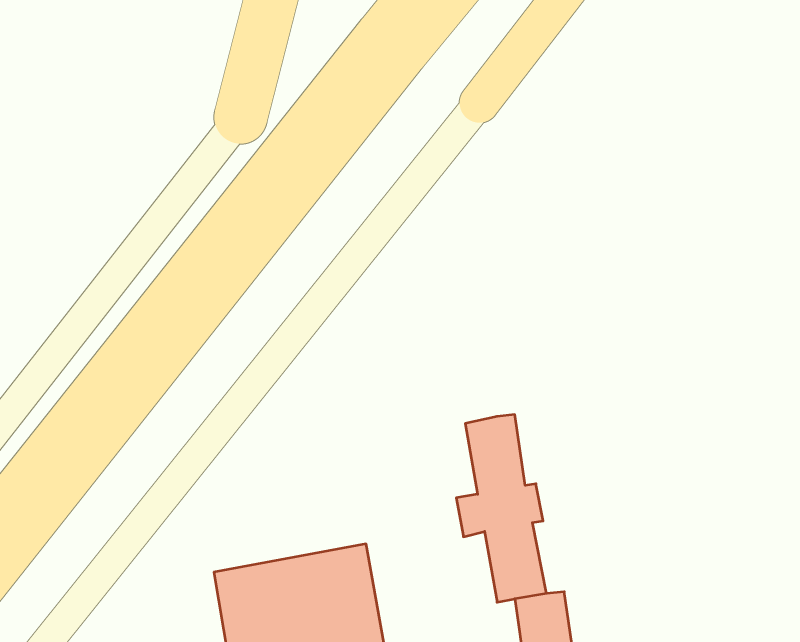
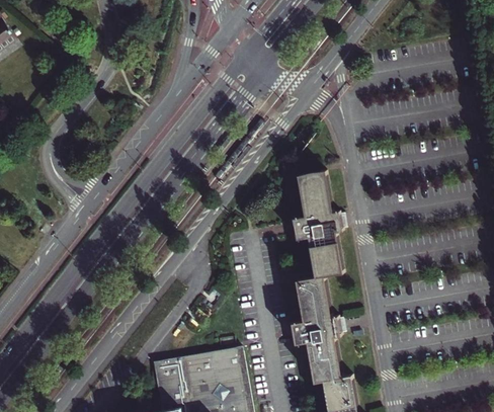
building: none -> [291,168,341,275]

